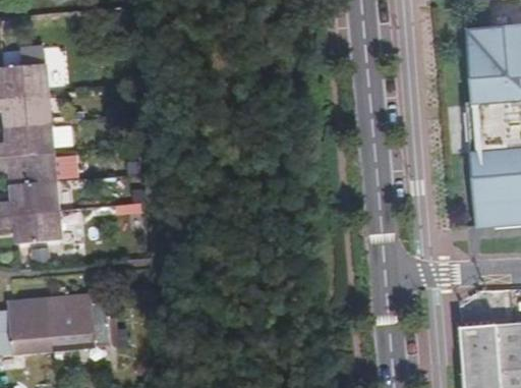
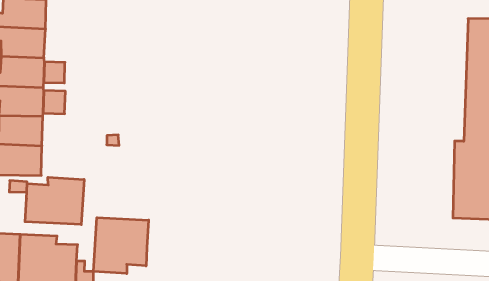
building: none -> [25,177,84,225]
building: none -> [94,218,149,274]

